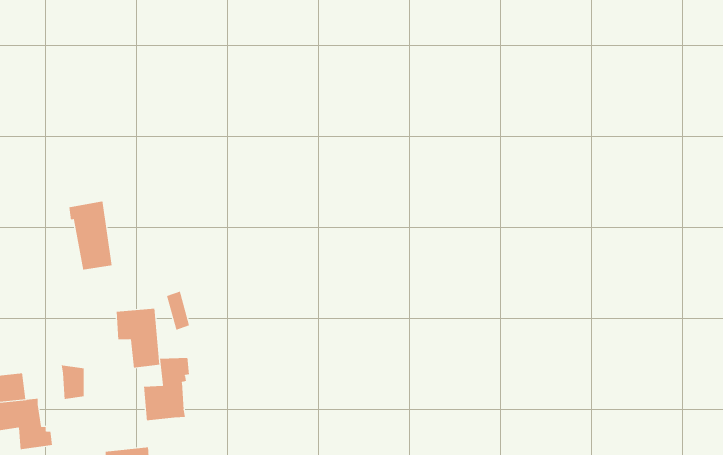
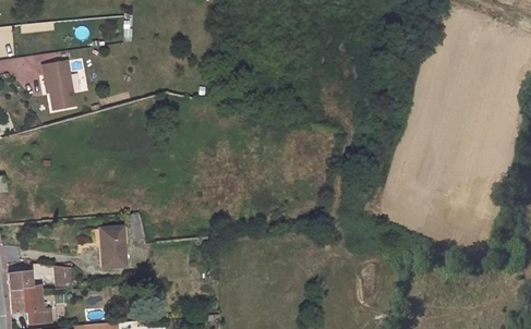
building: [68,201,113,270] -> [44,64,74,112]
building: [143,357,189,421] -> none

